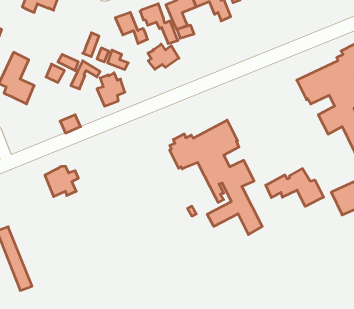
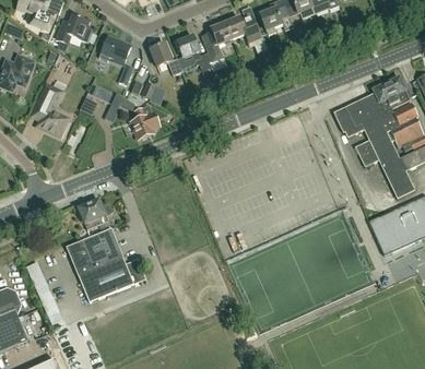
building: none -> [102,36,131,64]
building: [148,44,179,69] -> none
building: [170,120,262,235] -> none
building: [266,169,324,206] -> none
building: none -> [67,228,145,302]

